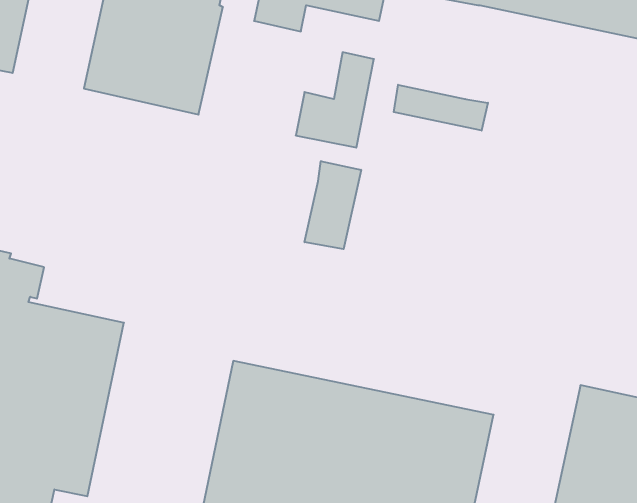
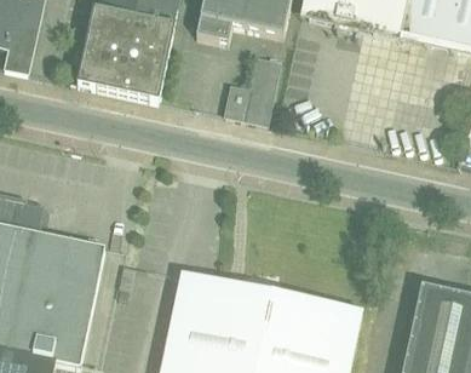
building: [394,85,488,131] -> none
building: [305,161,361,249] -> none

